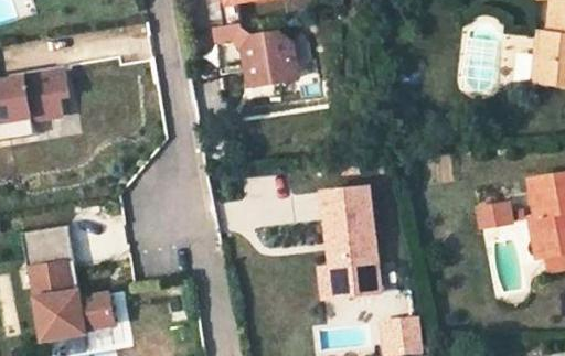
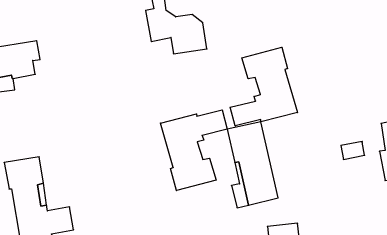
building: none -> [230,47,297,126]
building: none -> [160,110,227,191]

